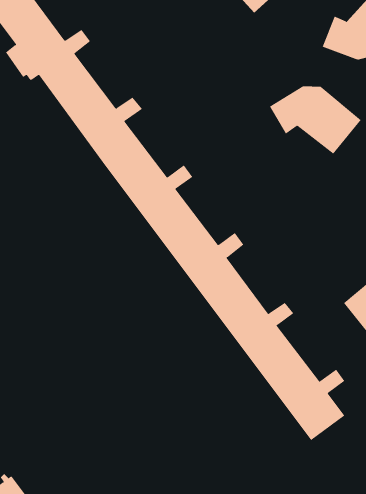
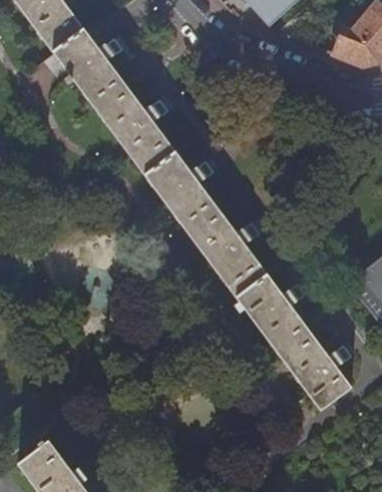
building: [269,86,361,154] -> none

